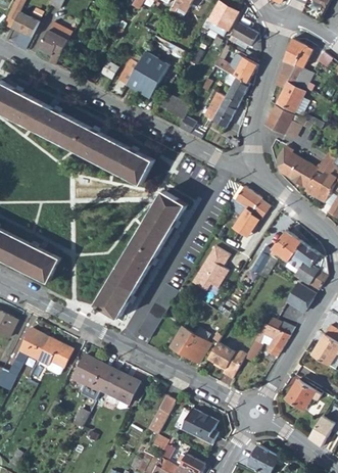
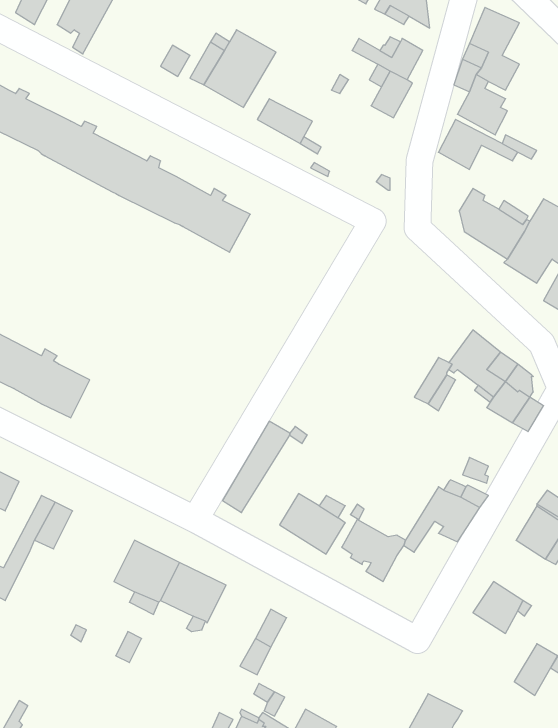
building: [204,92,238,127] -> none
building: [226,185,270,240] -> none
building: [96,192,186,316] -> none
building: [191,245,229,289] -> none
building: [286,283,313,311] -> none
building: [37,336,71,373] -> none
building: [182,408,216,442] -> none

